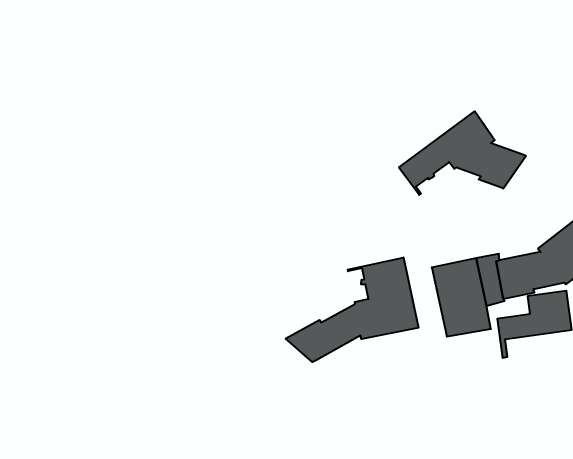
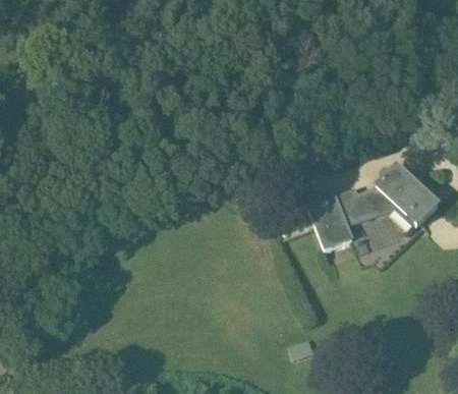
building: [399,111,526,195] -> none
building: [286,257,419,362] -> none

